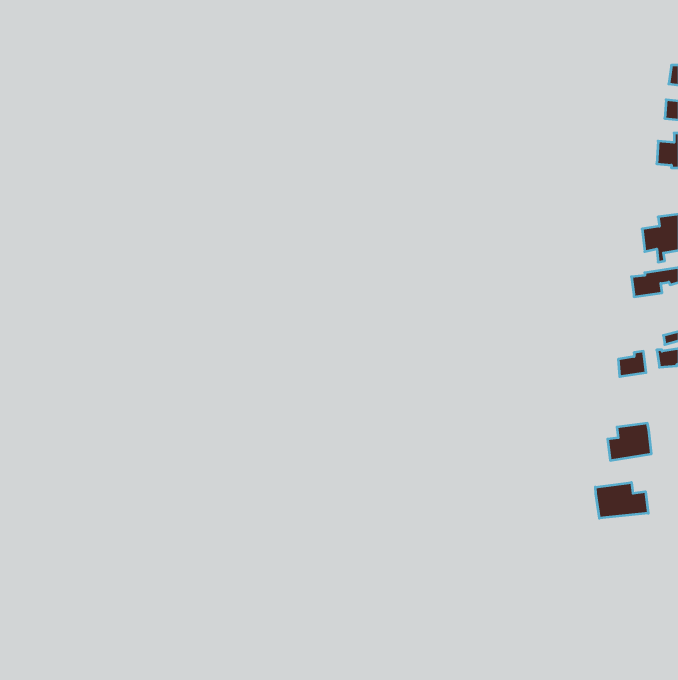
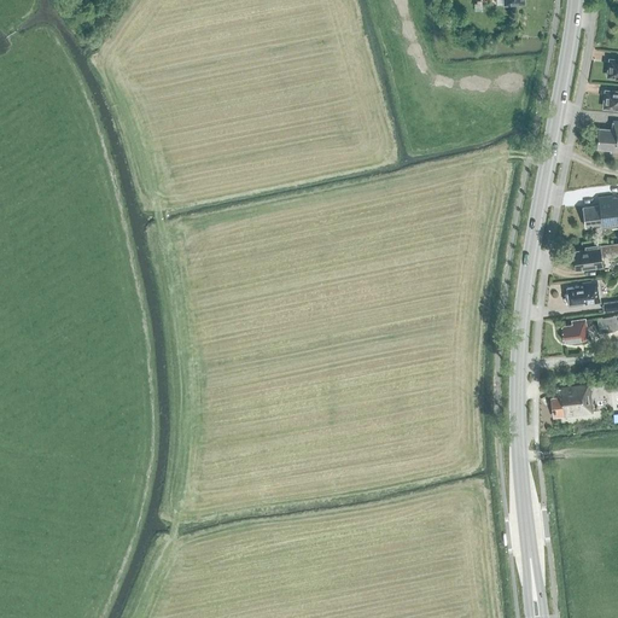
building: none -> [567,281,601,304]
building: [595,482,648,518] -> none

